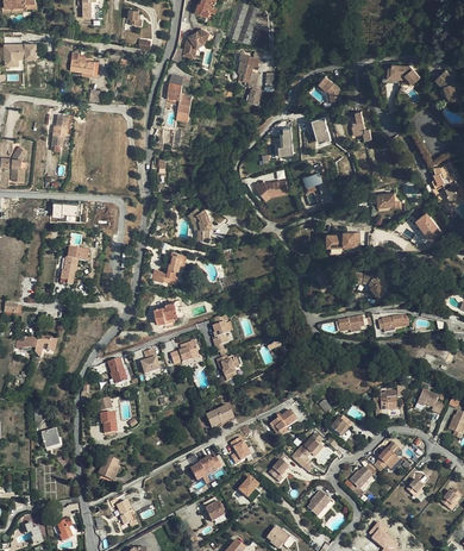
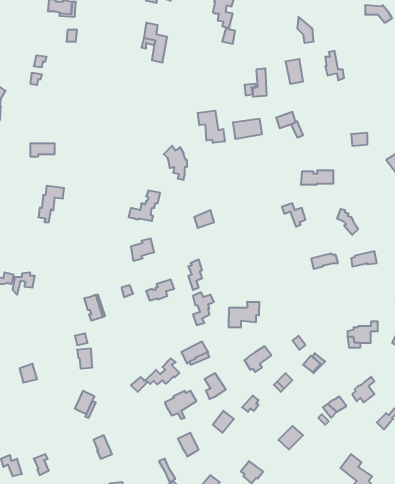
building: none -> [198,111,225,143]
building: none -> [229,302,259,328]
building: none -> [131,358,179,392]

